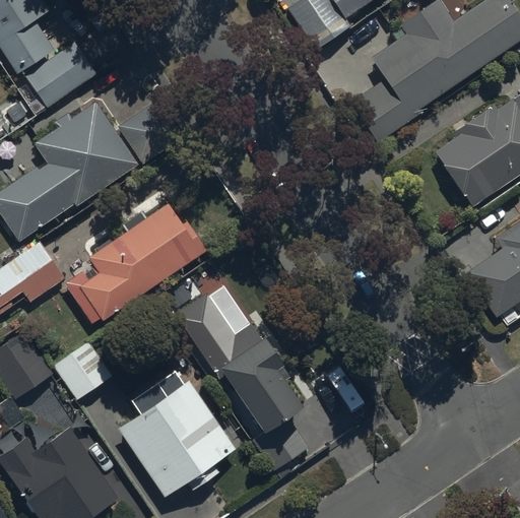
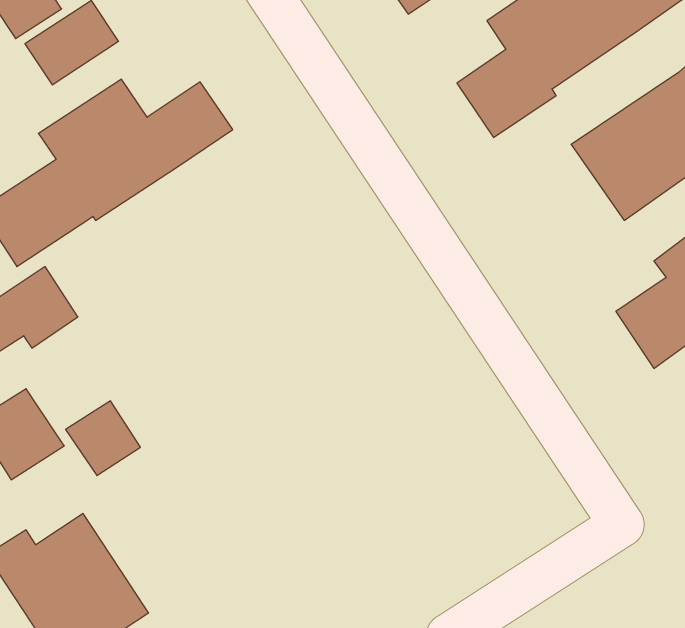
building: [63,200,207,324] -> none
building: [175,295,311,473] -> none
building: [118,370,237,499] -> none

